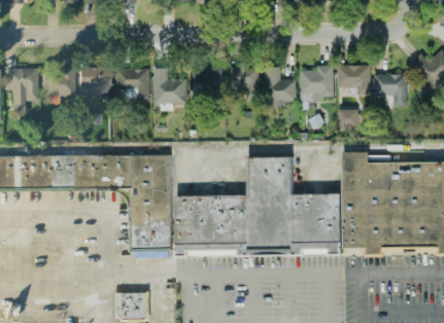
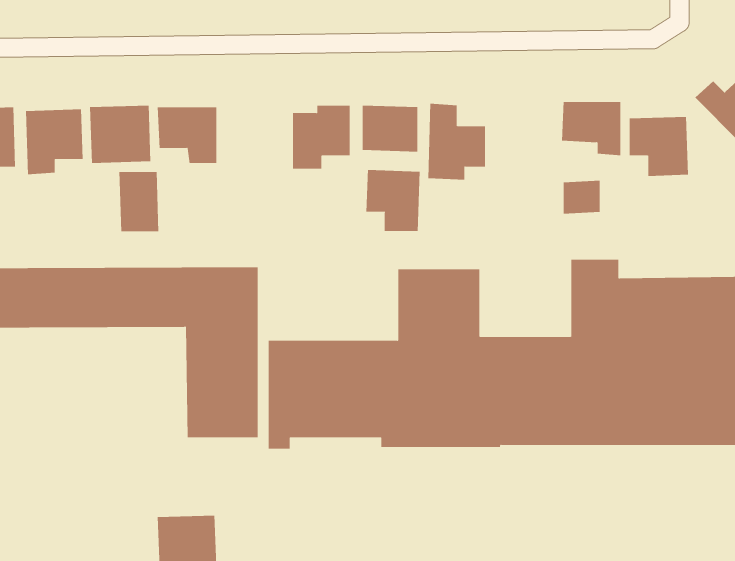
building: [300,65,333,101] -> none
building: [152,67,186,103] -> none
building: none -> [366,169,420,232]
building: none -> [119,171,159,232]

